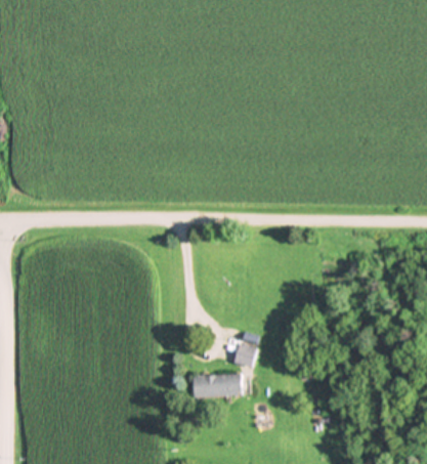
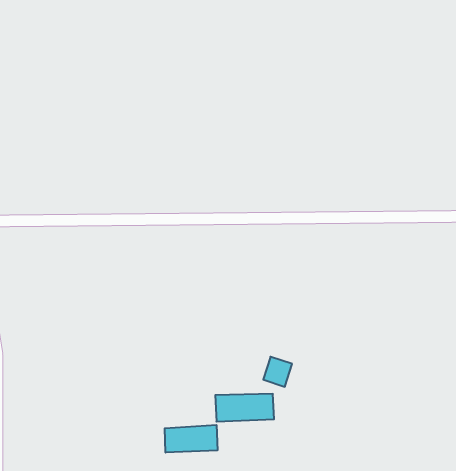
building: none -> [165,425,217,453]

